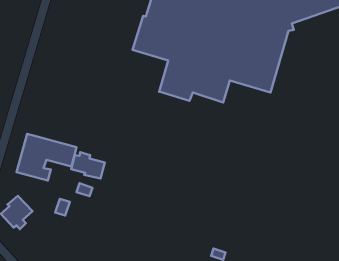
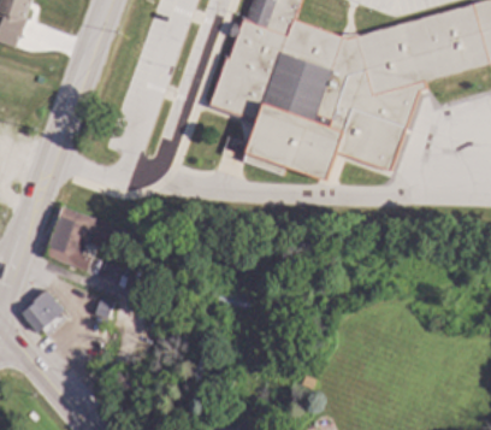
building: [71,152,105,179] -> none

